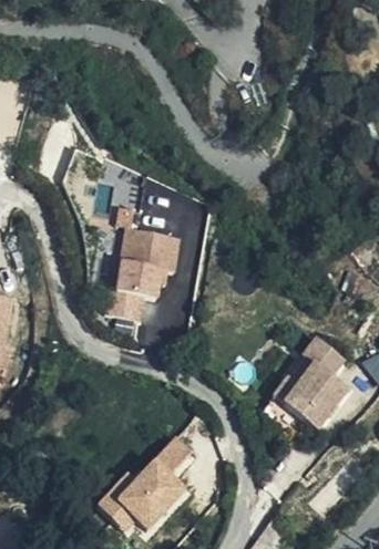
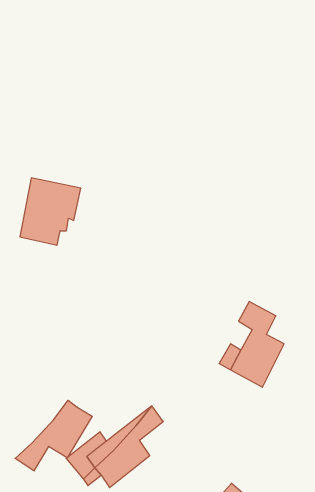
building: [121,222,186,294] -> [20,178,81,245]
building: none -> [15,400,92,471]

